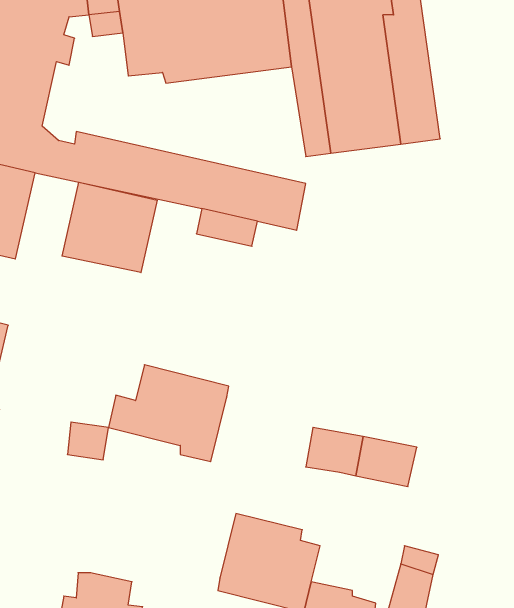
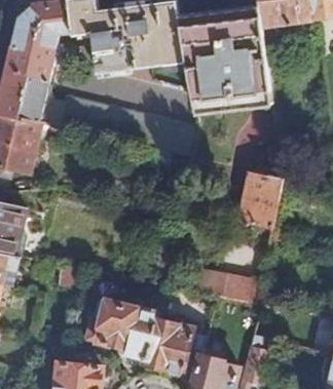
building: [62,182,157,273] -> none
building: none -> [237,169,283,234]
building: [109,365,229,462] -> [88,300,157,355]

